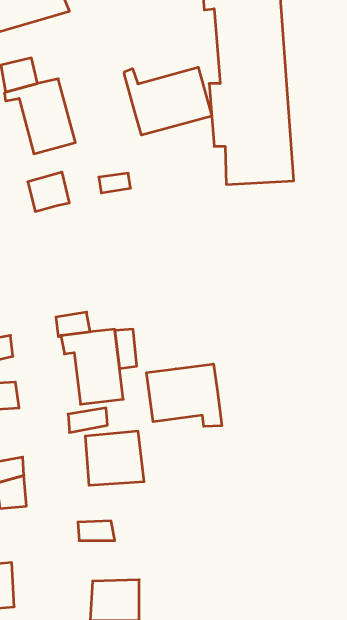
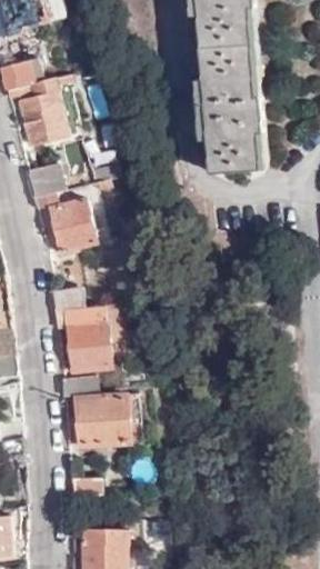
building: [124,67,212,135] -> none
building: none -> [32,191,94,250]
building: [147,364,222,426] -> none

